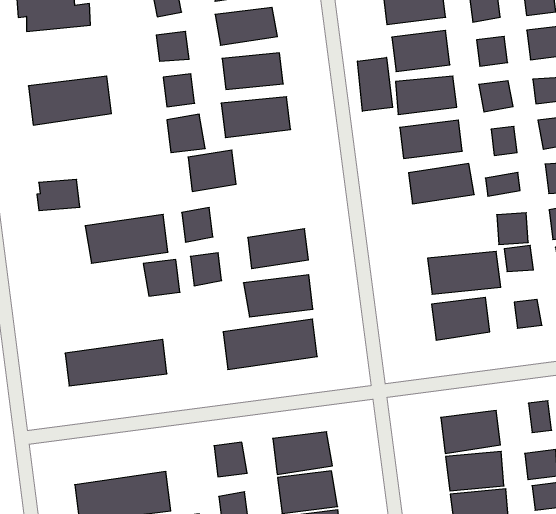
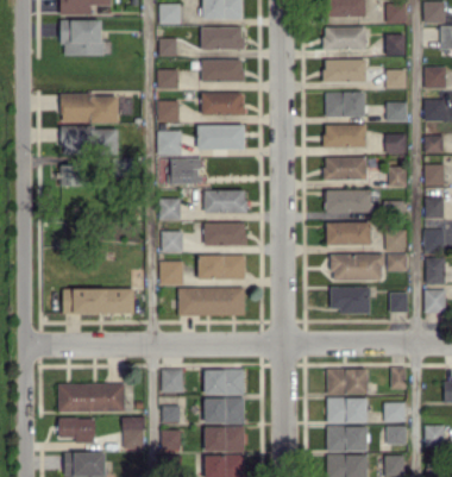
building: [358,57,393,111] -> none
building: none -> [205,189,246,213]
building: none -> [326,221,371,245]
building: [85,214,168,263] -> [61,126,118,155]
building: [143,260,180,296] -> [159,261,183,284]

